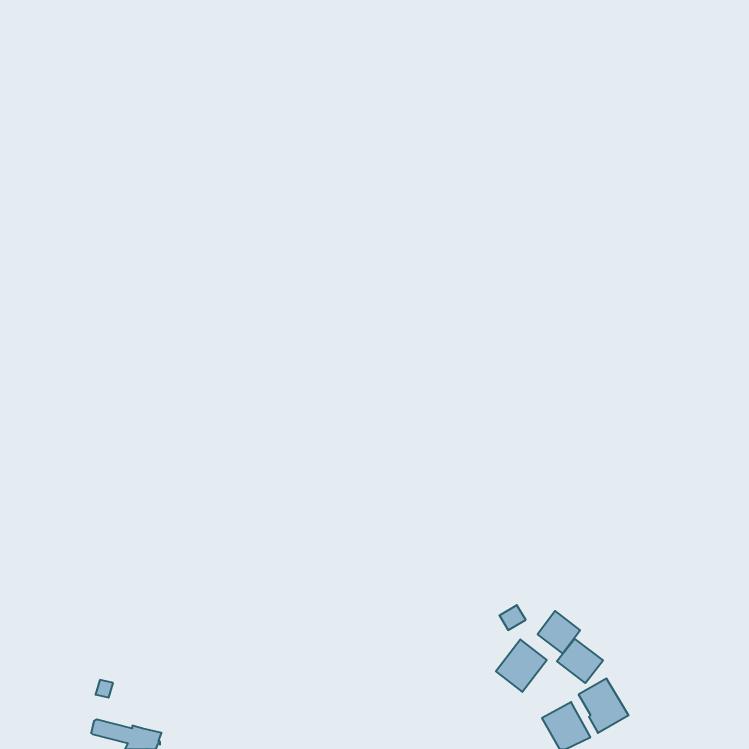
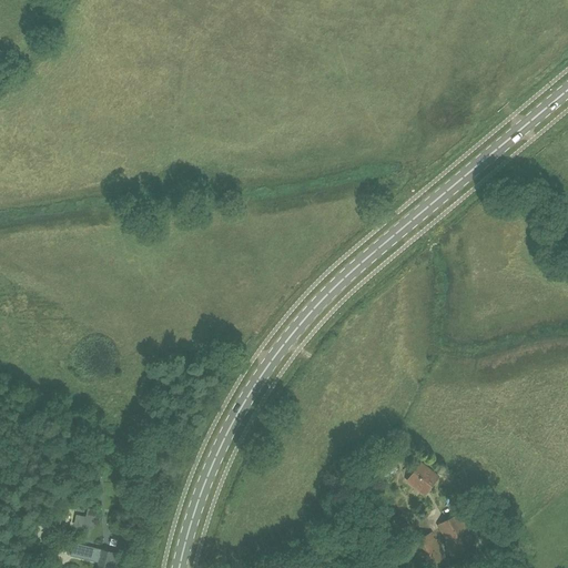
building: [557,639,603,683] -> none
building: [496,639,547,692] -> none

